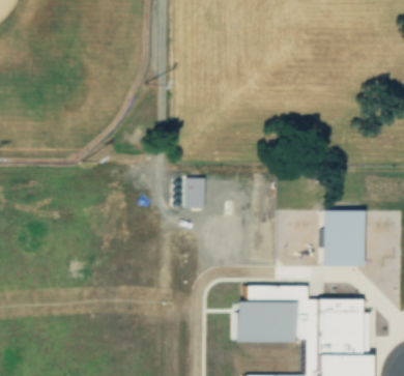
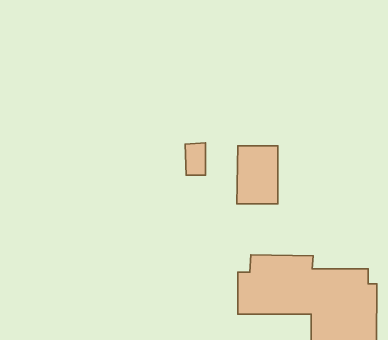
building: [325,210,365,266] -> [237,146,278,204]

